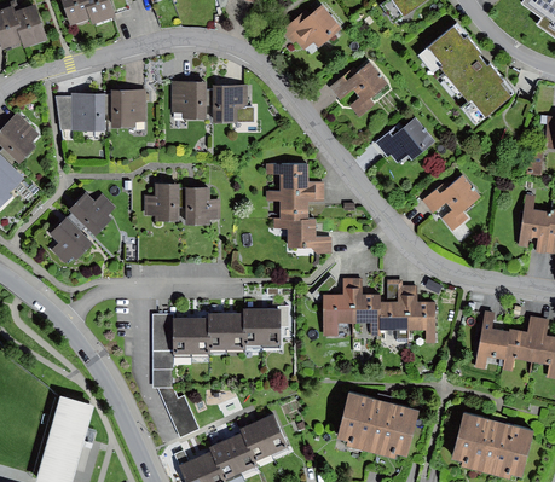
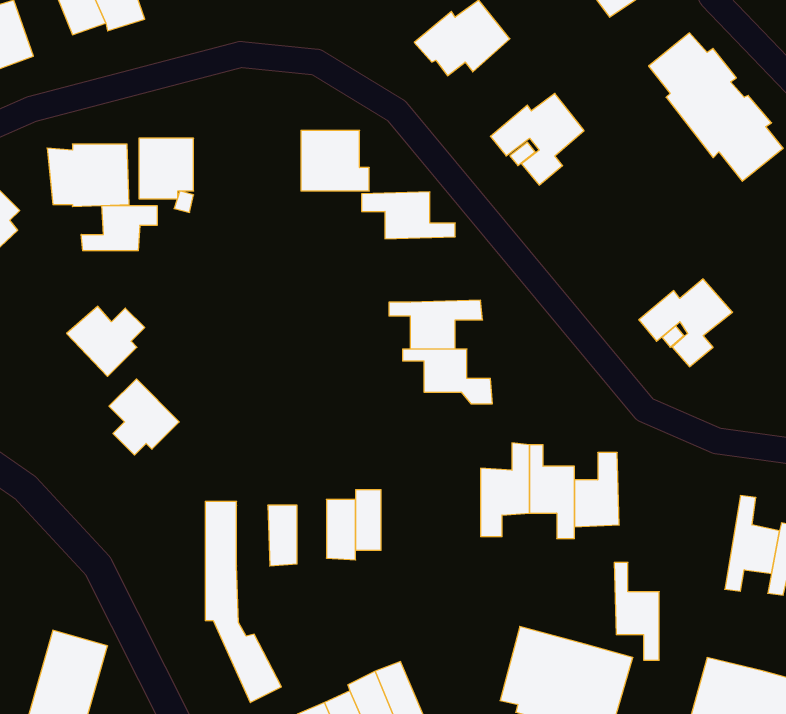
building: [173,80,208,118] -> none
building: [376,117,435,163] -> none
building: none -> [81,206,157,251]
building: [266,162,324,191] -> [362,192,455,239]
building: [146,182,180,221] -> none
building: [185,186,220,227] -> none
building: [50,216,93,263] -> [109,379,179,455]
building: [409,284,437,344] -> [614,562,659,660]
building: [262,307,281,344] -> none
building: [210,312,229,349] -> none
building: [173,317,193,354] -> none

